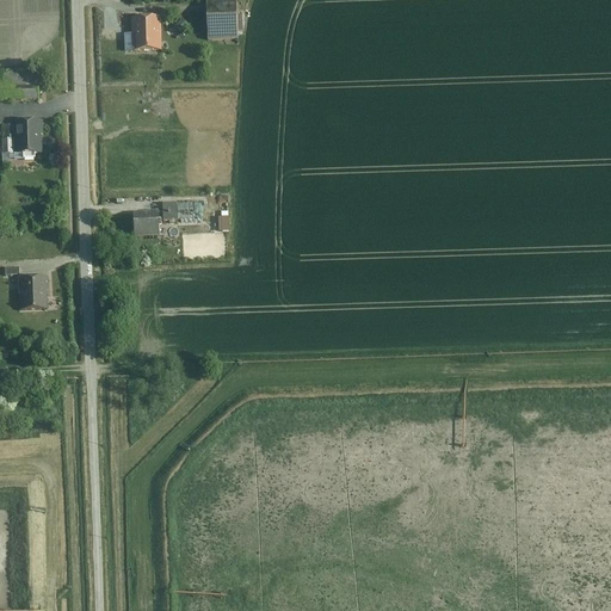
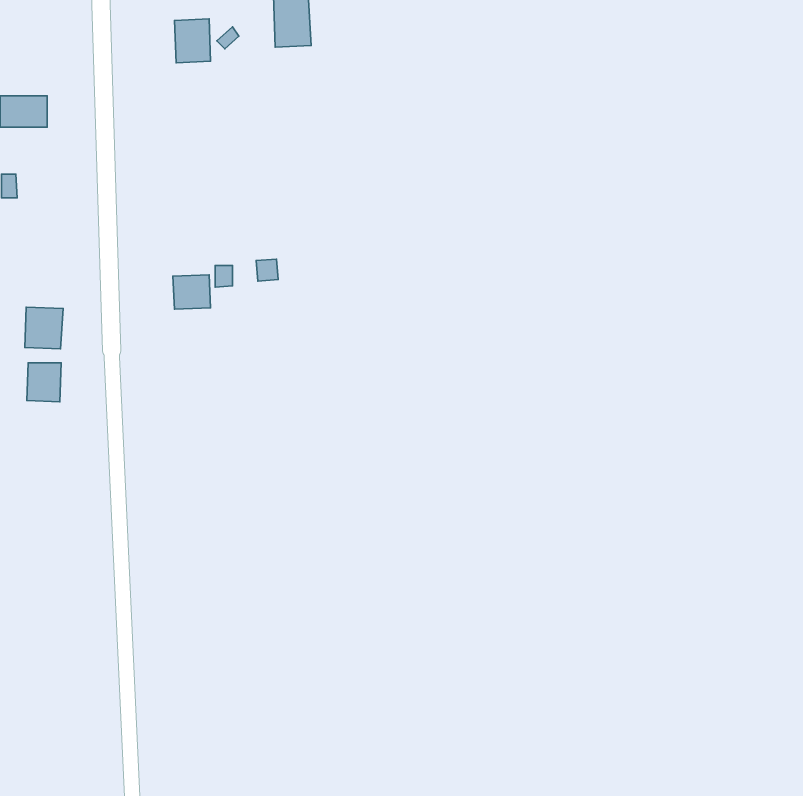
building: [14,118,41,150] -> none
building: none -> [25,307,63,349]

